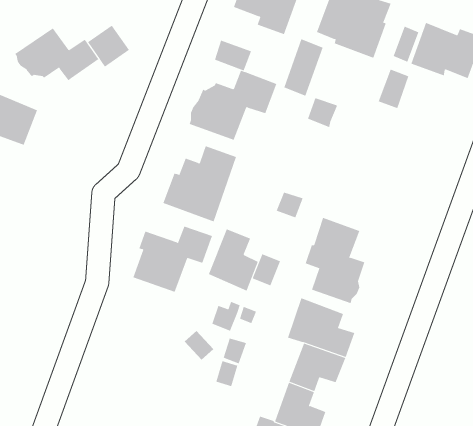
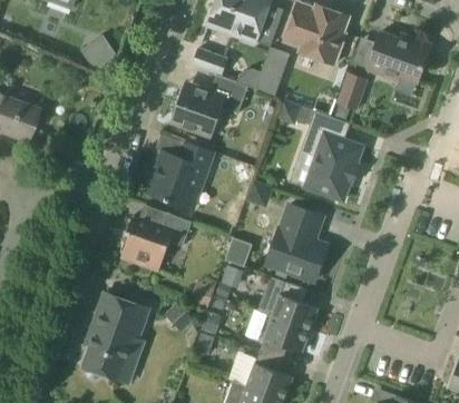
building: [15,27,99,81] -> none
building: none -> [303,111,362,200]
building: [208,228,258,292] -> none
building: none -> [82,296,150,383]

